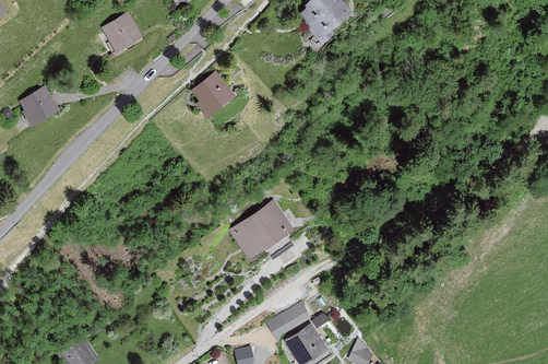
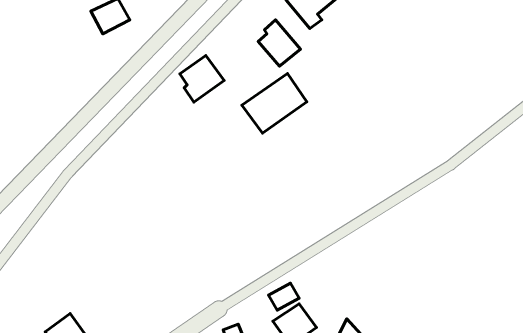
building: none -> [258,20,300,66]
building: [19,87,58,127] -> none
building: [228,197,294,257] -> [242,74,307,133]

